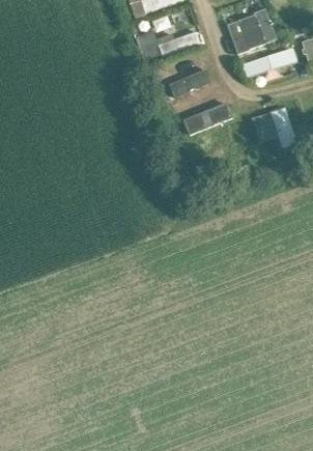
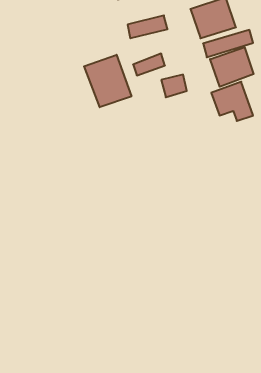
building: none -> [210,47,254,87]
building: none -> [84,55,131,107]

